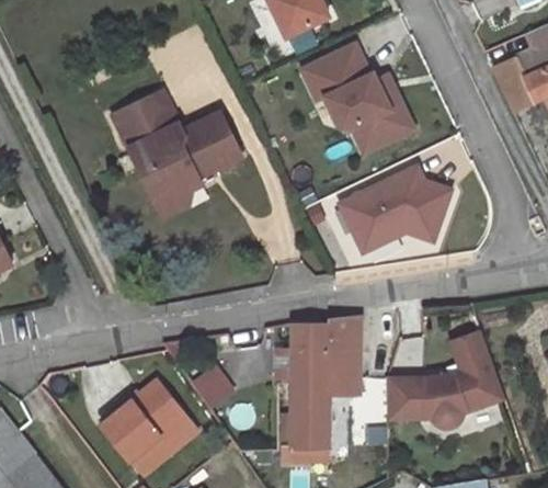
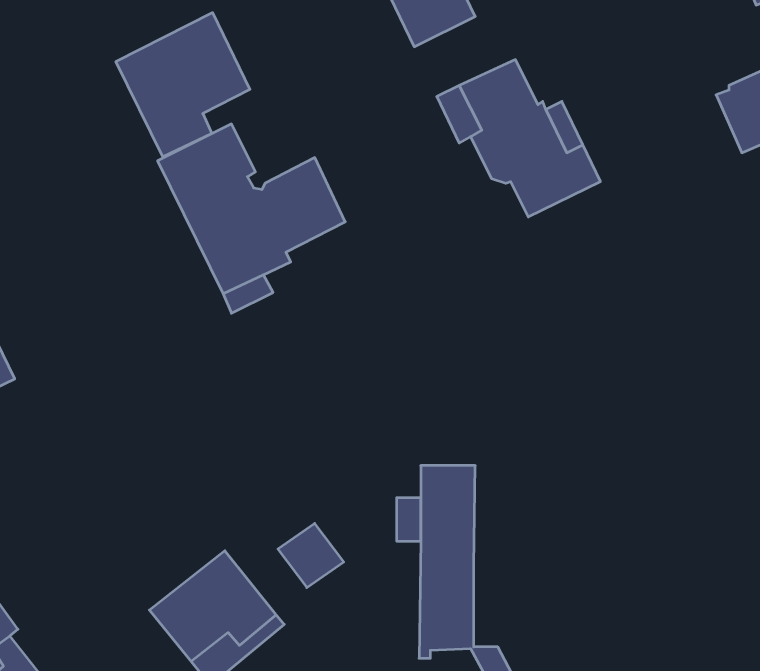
building: none -> [116,13,250,157]
building: [342,167,450,250] -> none
building: [328,316,359,391] -> none
building: [385,331,504,428] -> none

